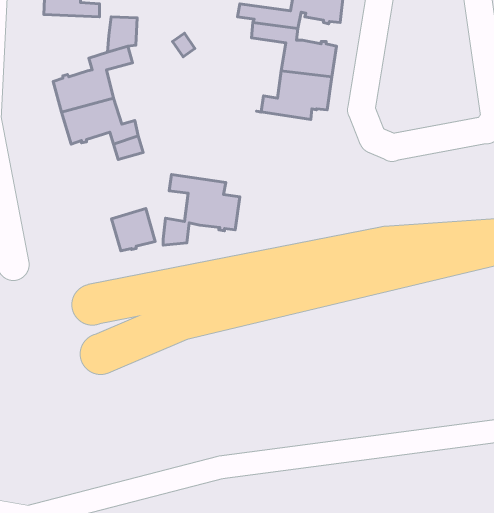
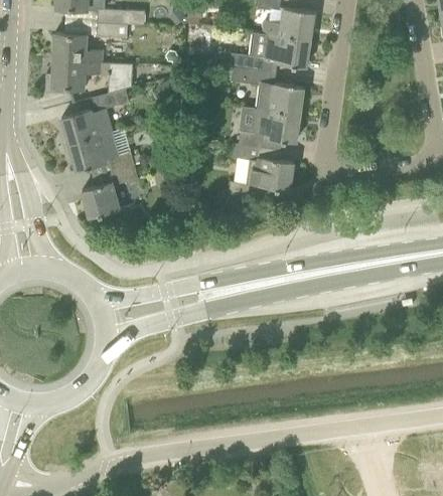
building: none -> [45,61,101,94]
building: [163,174,240,245] -> [228,144,293,204]
building: [112,208,155,251] -> [82,182,119,218]

